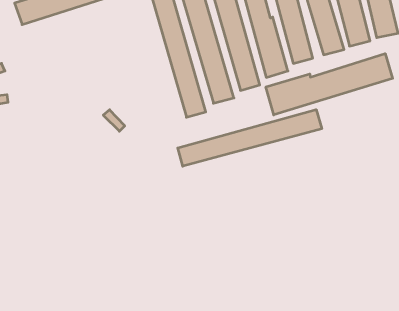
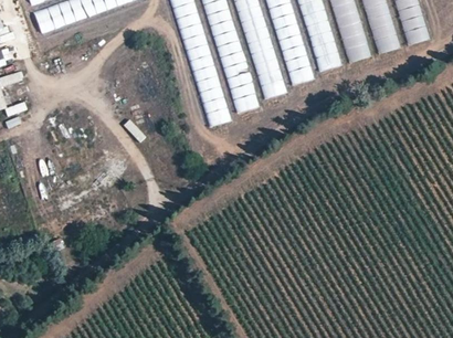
building: [266,54,393,115] -> none
building: [178,110,322,166] -> none

